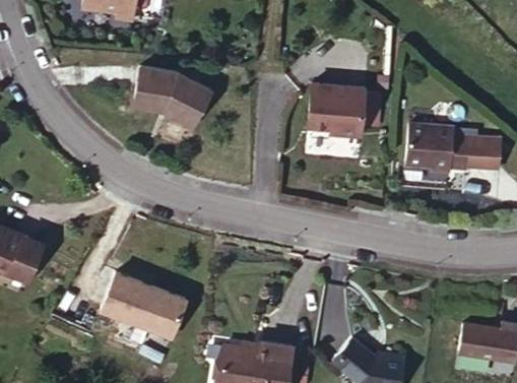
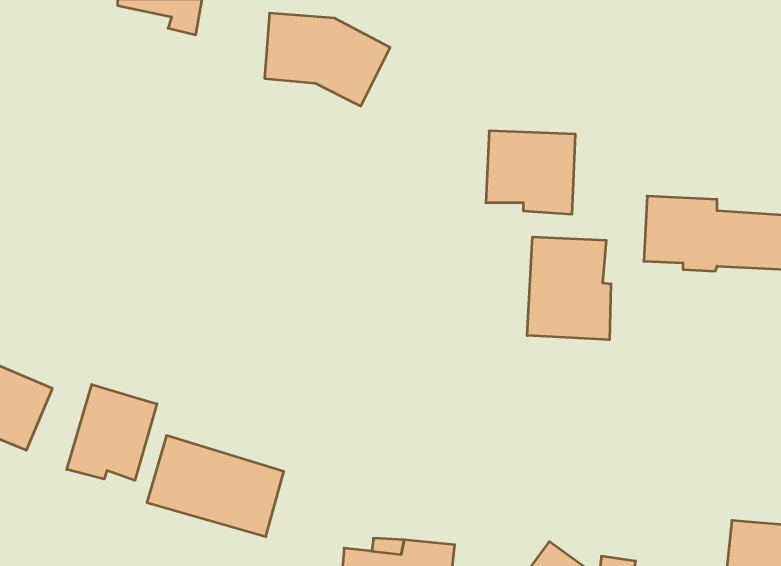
building: [136,67,214,125] -> [265,13,390,106]
building: none -> [527,237,611,340]
building: none -> [67,384,157,480]

